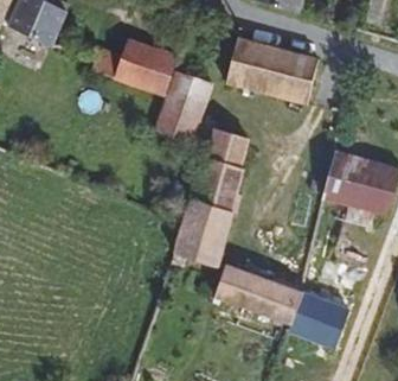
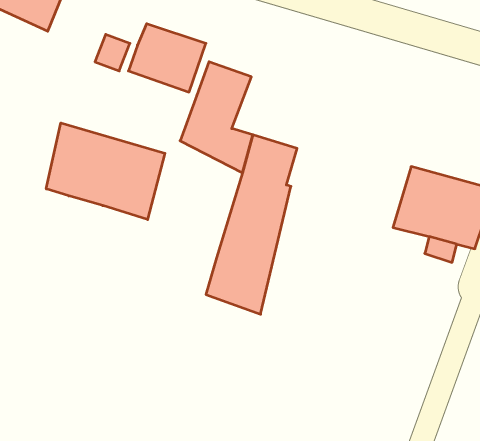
building: [225,38,317,102] -> none
building: none -> [46,123,165,220]
building: [213,263,348,345] -> none

